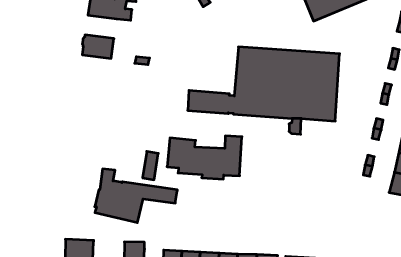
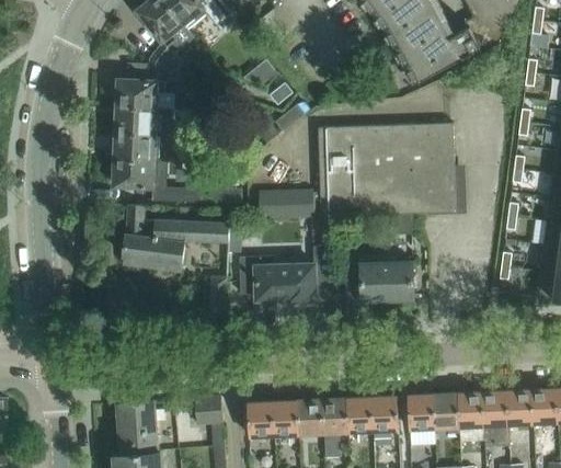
building: none -> [114,105,156,133]
building: none -> [114,158,202,203]
building: none -> [345,261,414,300]
building: [95,169,177,223] -> [124,205,230,271]

